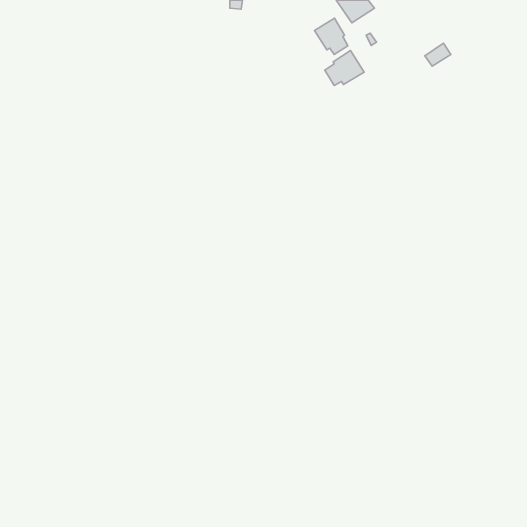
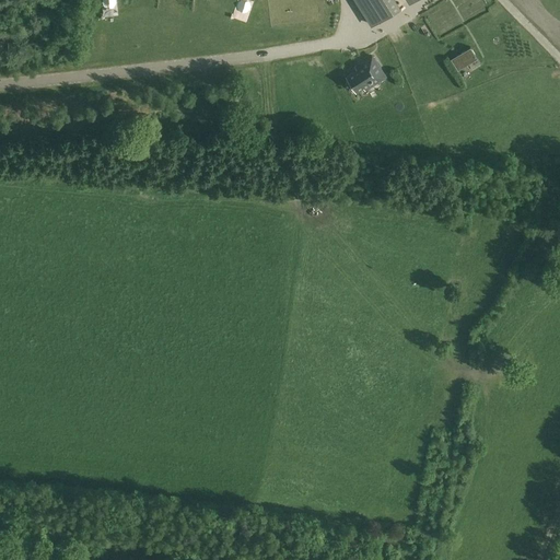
building: [315,18,348,55] -> none

